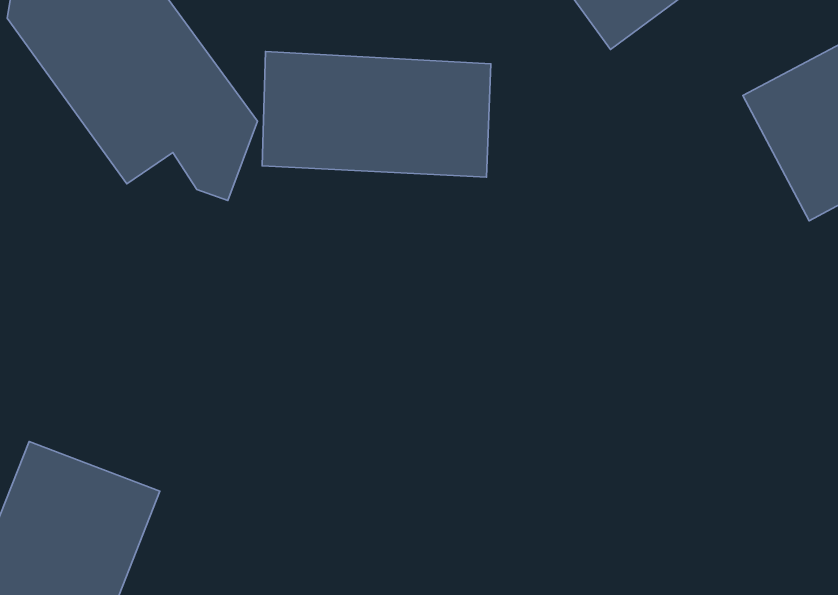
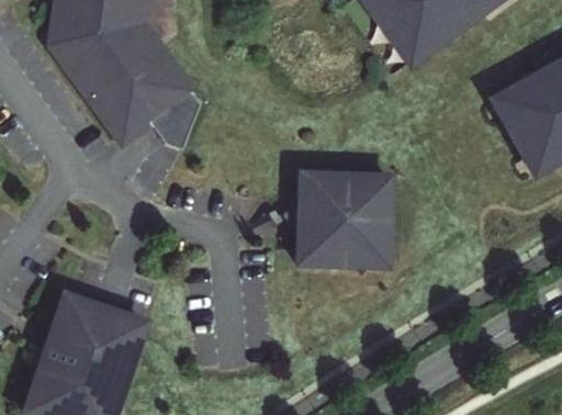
building: [262,52,491,177] -> none
building: none -> [294,176,385,268]

